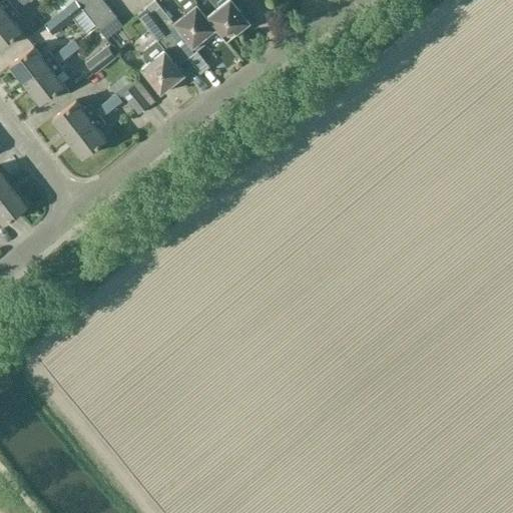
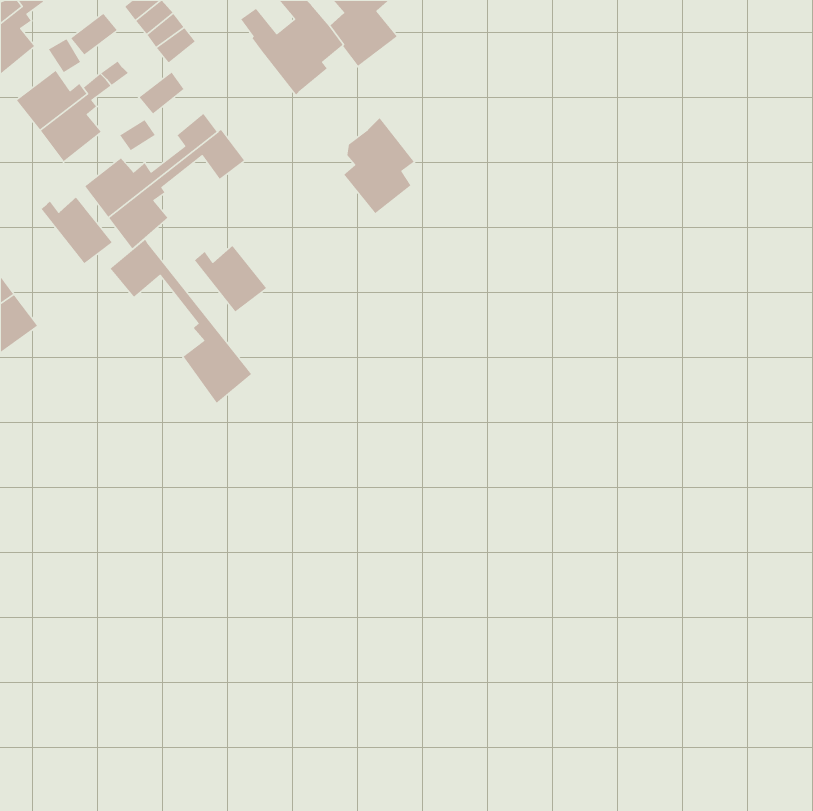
building: [141,33,186,94] -> [343,117,415,214]
building: none -> [40,197,113,264]
building: none -> [110,239,252,404]
building: none -> [194,245,267,313]

